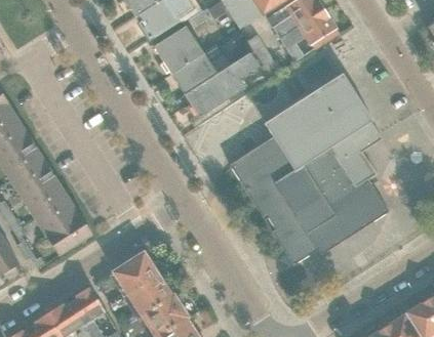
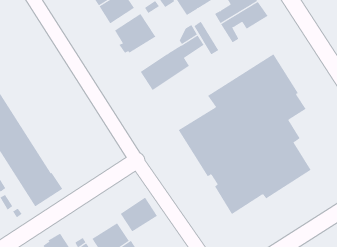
building: [170,43,221,94] -> none
building: [112,251,157,293] -> [120,197,158,232]

